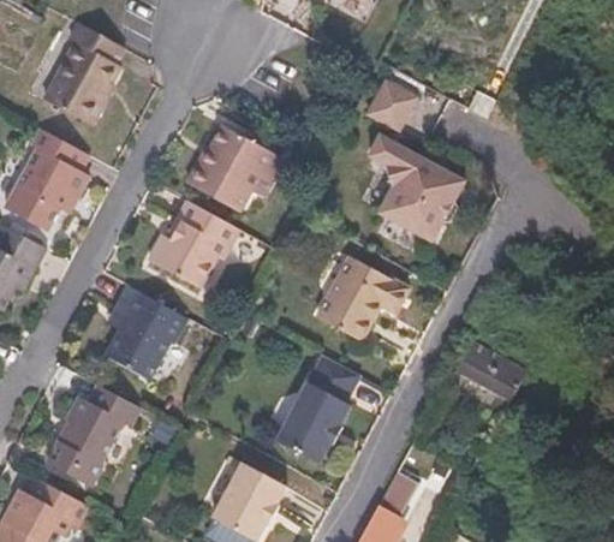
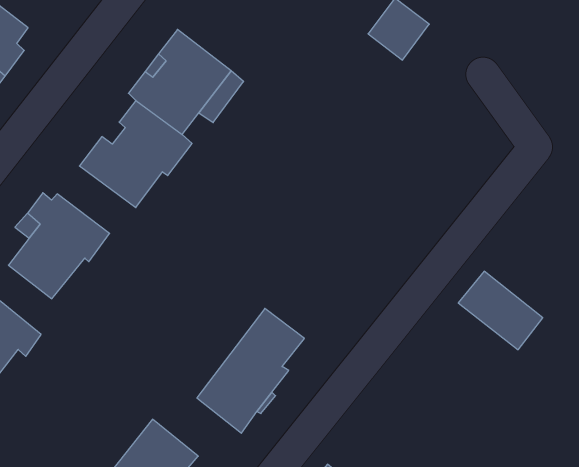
building: [369,133,465,239] -> none
building: [318,255,410,340] -> none
building: [453,340,525,400] -> [458,271,543,350]

